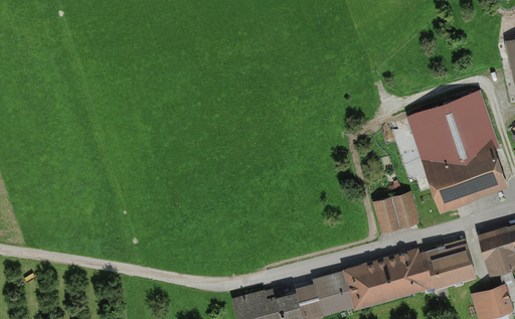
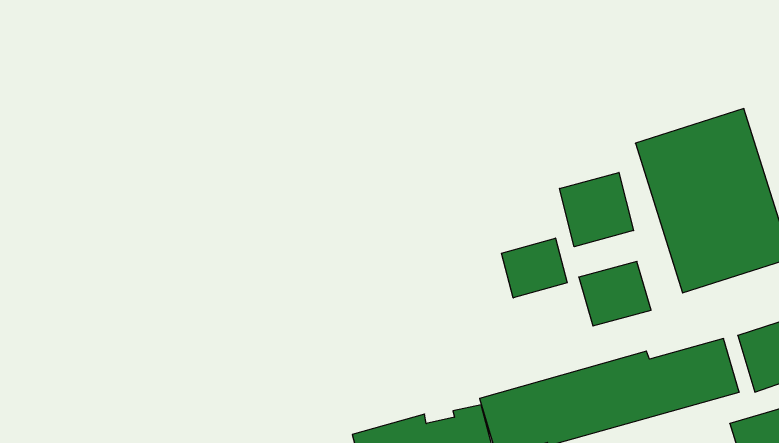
building: none -> [560,172,634,247]
building: none -> [502,238,567,298]

